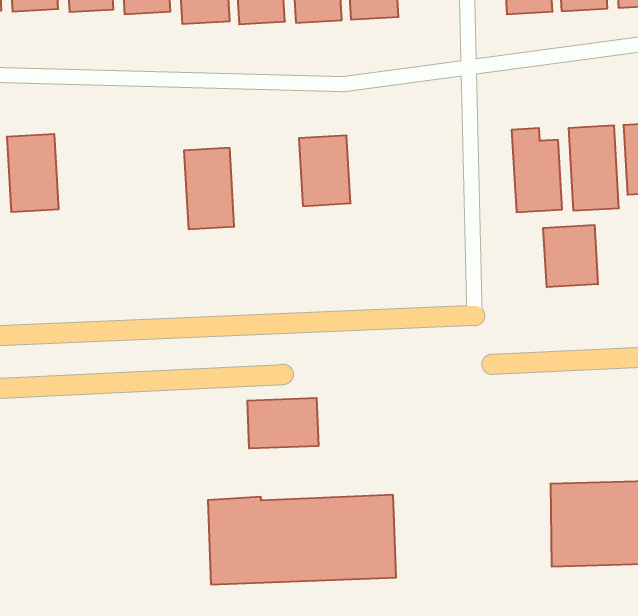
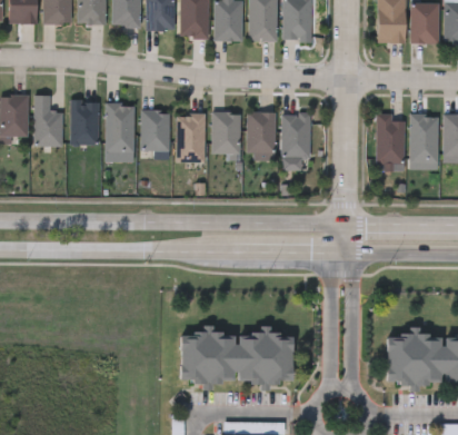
building: none -> [282,115,310,170]
building: none -> [106,105,135,164]
building: none -> [212,112,240,155]
building: none -> [141,111,170,152]
building: [543,225,598,287] -> none
building: [247,398,318,449] -> none

